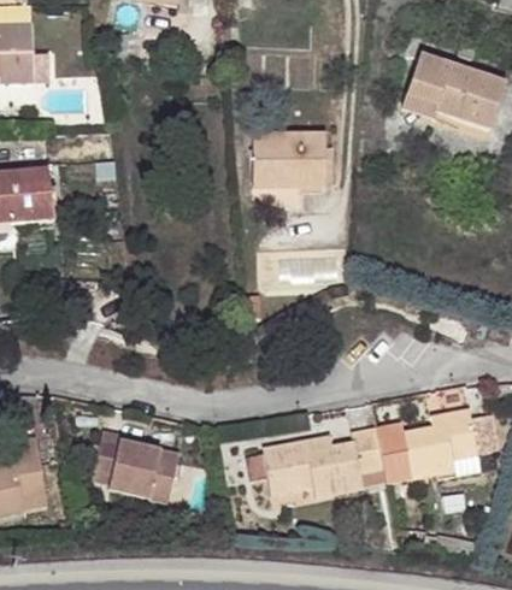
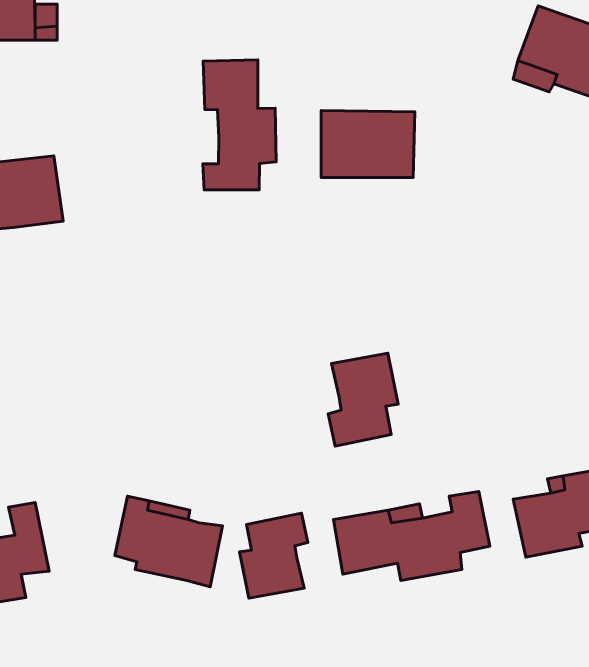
building: none -> [203,60,276,190]
building: none -> [328,353,398,446]
building: none -> [240,513,308,598]

